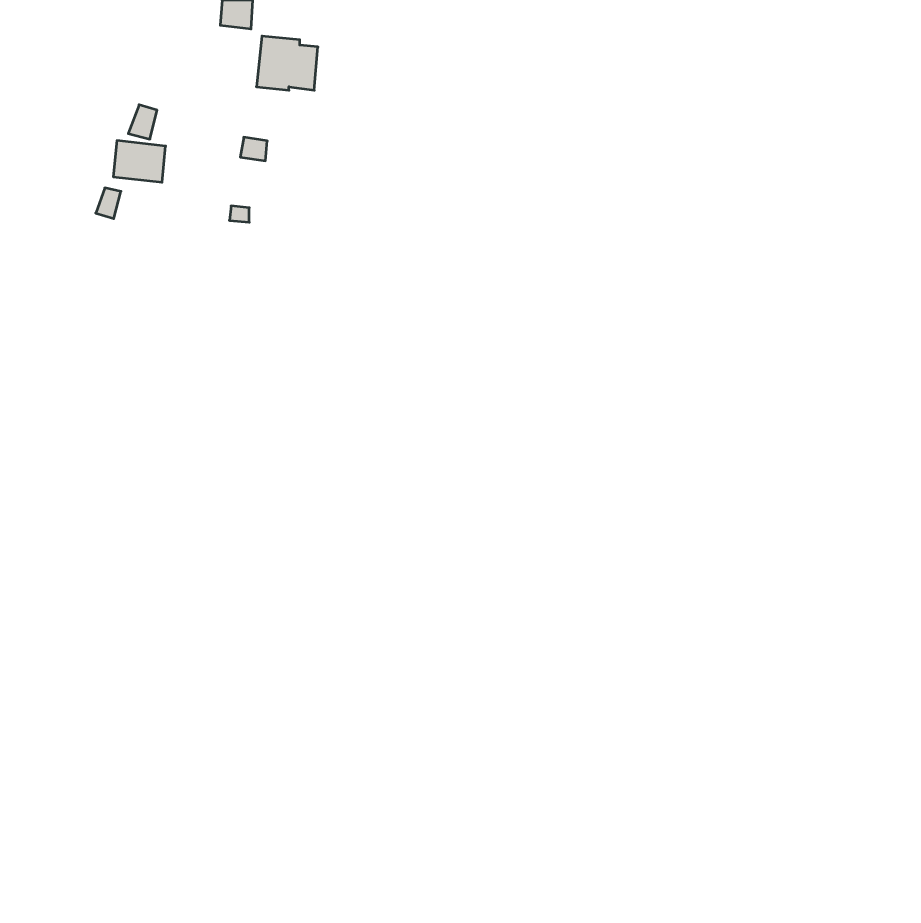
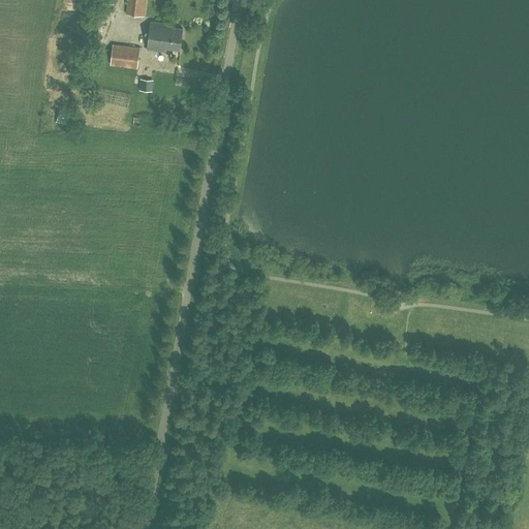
building: [113,141,166,182] -> [110,44,139,68]

